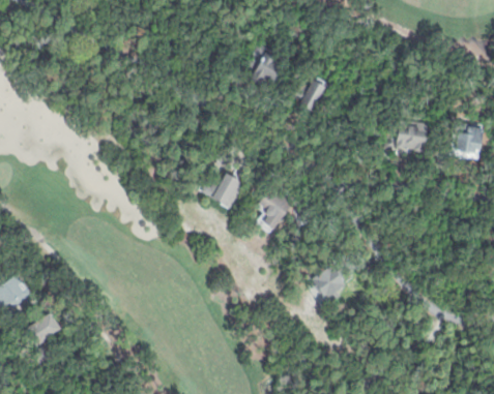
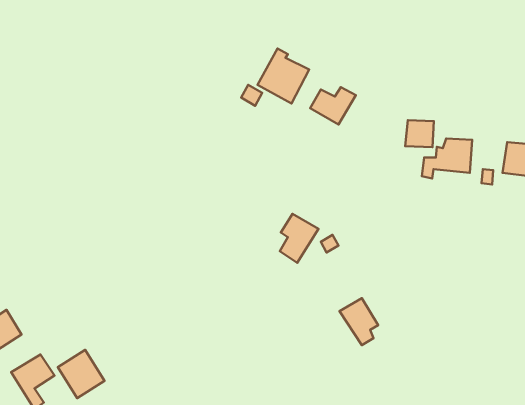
building: none -> [405,120,434,147]
building: [203,174,245,212] -> none
building: none -> [58,350,104,398]

